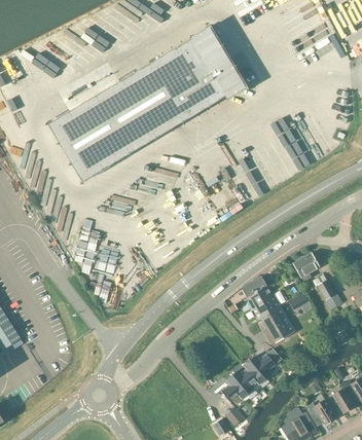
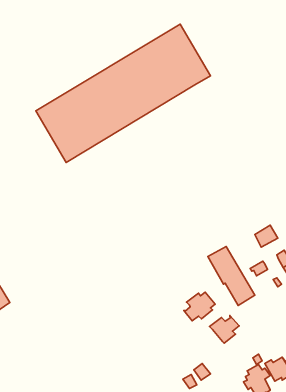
building: [222,369,257,401] -> [184,292,215,321]

